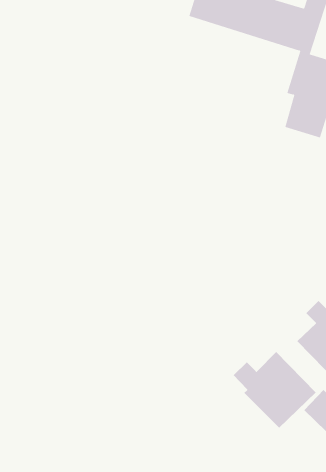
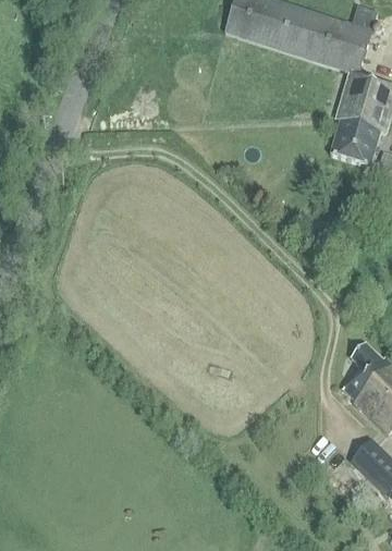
building: [233,351,317,428] -> none

